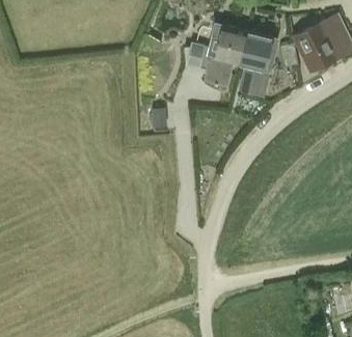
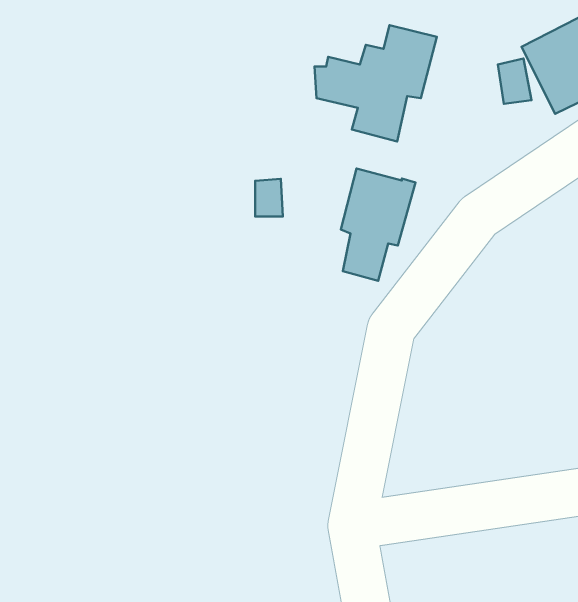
building: [239,33,278,92] -> [341,169,416,281]

